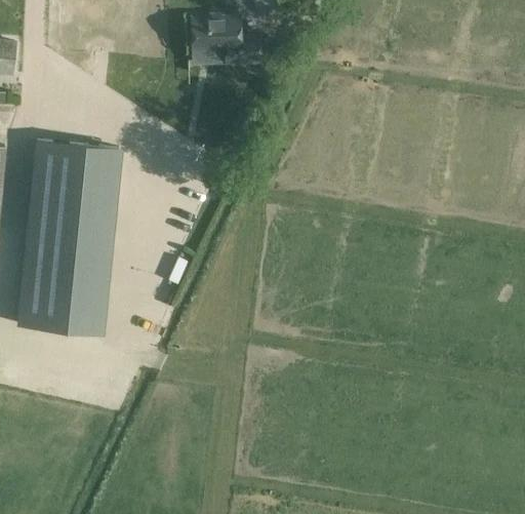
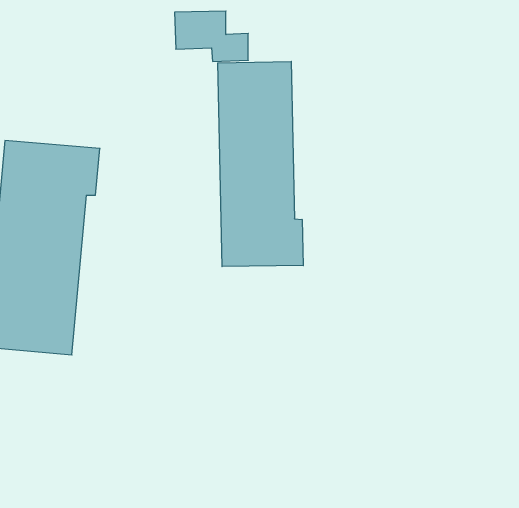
building: none -> [218,61,303,267]

